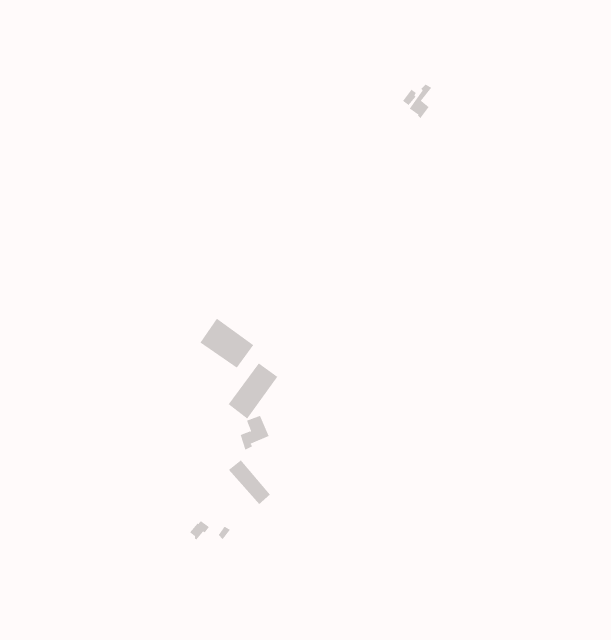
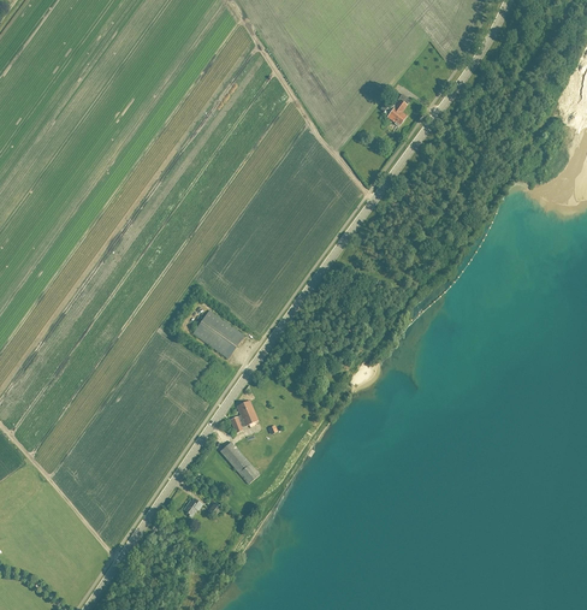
building: [228,363,278,420] -> none

